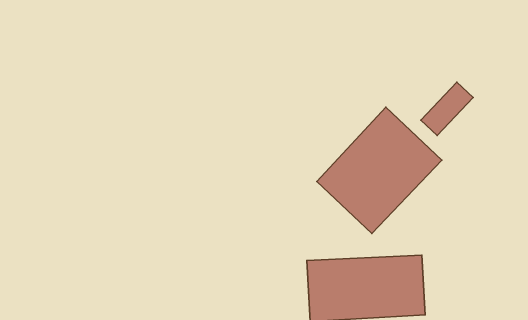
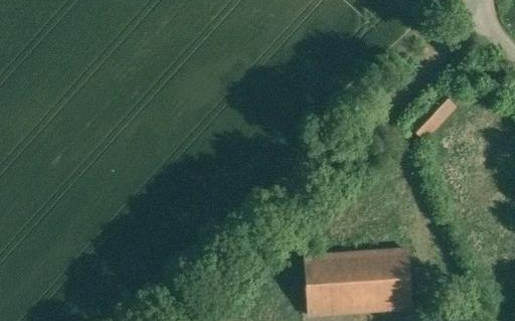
building: [317,107,442,234] -> none

